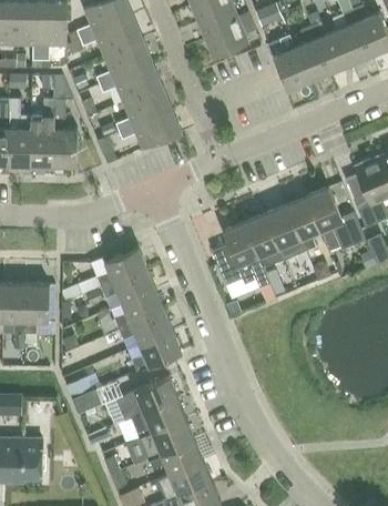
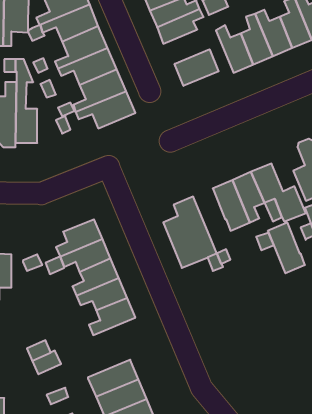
building: none -> [175,49,219,86]
building: [244,214,284,269] -> [268,223,305,273]
building: [115,377,176,422] -> none

